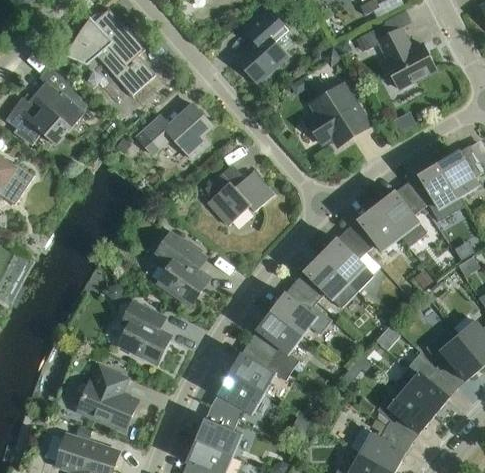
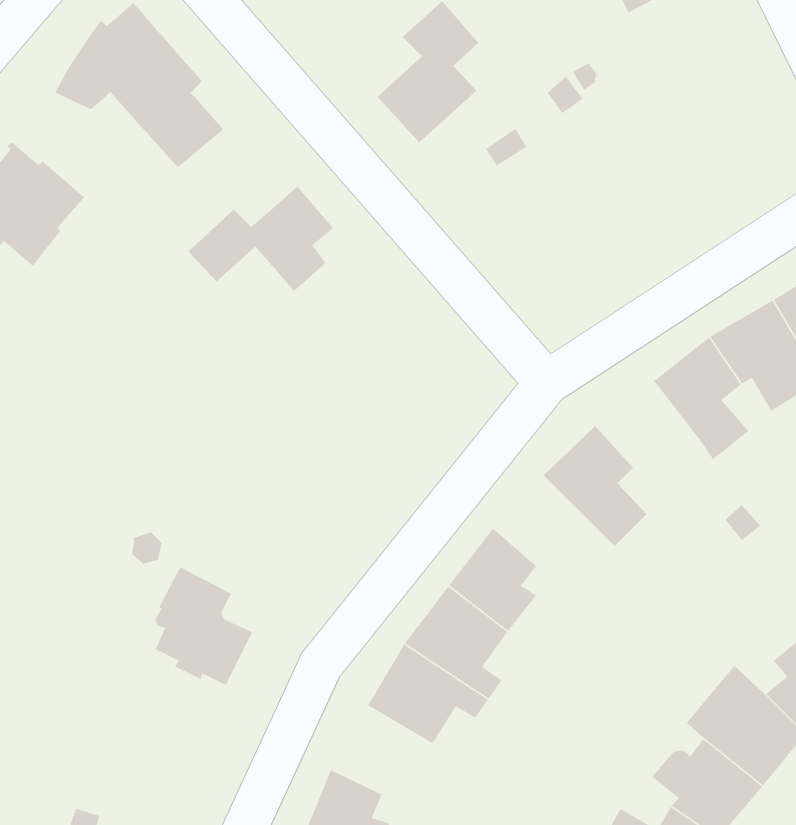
building: [359,24,436,89] -> none
building: [306,83,370,146] -> none
building: [204,166,273,225] -> none
building: [347,205,401,250] -> none
building: [157,232,209,305] -> none
building: [294,254,357,307] -> none
building: [77,366,137,430] -> none
building: [210,373,263,419] -> none

